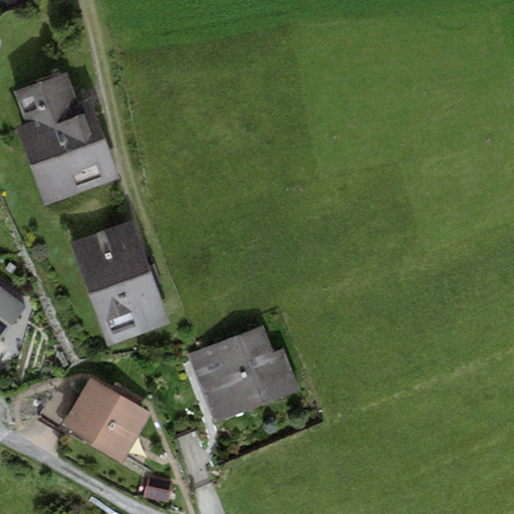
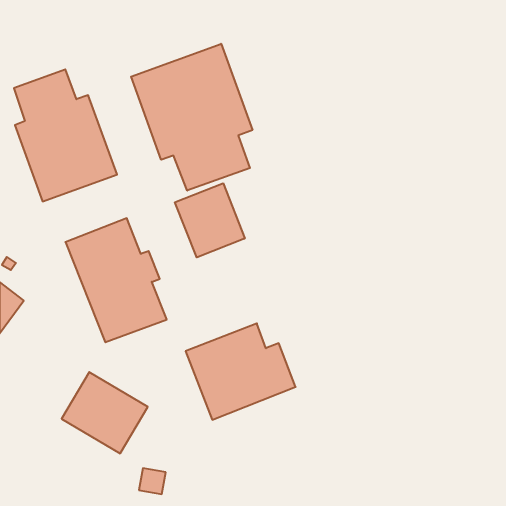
building: none -> [131,44,252,191]
building: none -> [175,183,245,257]

